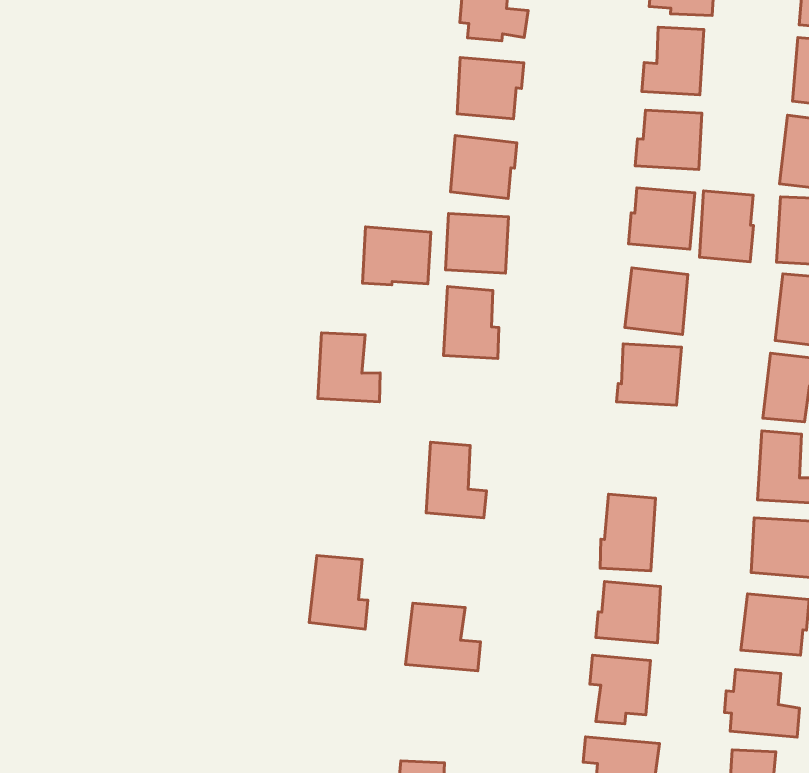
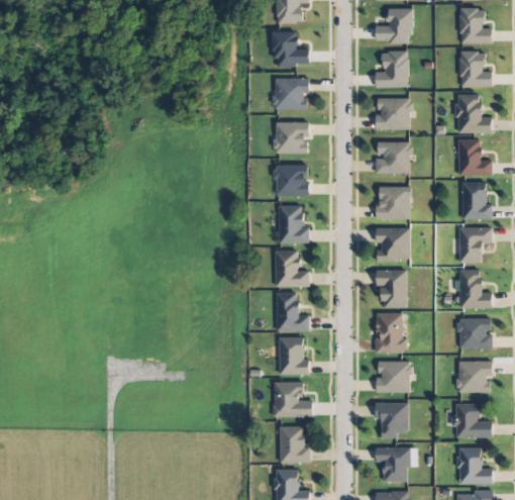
building: [699,191,753,262] -> none
building: [362,227,431,285] -> none
building: [318,333,380,402] -> [275,249,310,287]
building: none -> [376,270,407,308]
building: [309,556,368,629] -> [278,336,309,375]
building: none -> [279,425,310,463]

